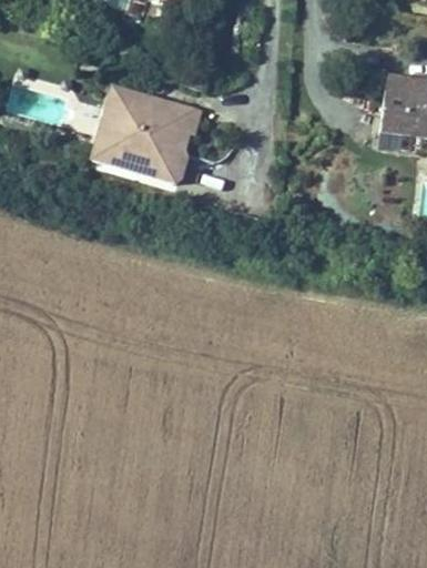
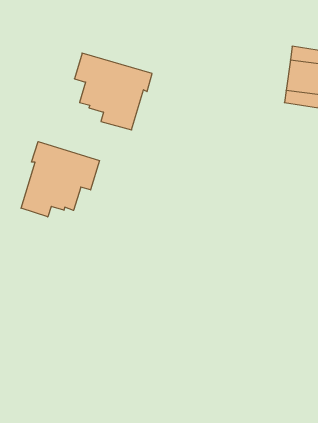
building: [91,116,141,172] -> none
building: none -> [21,142,99,217]

